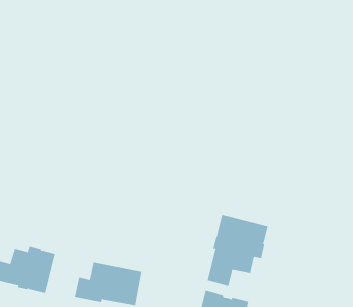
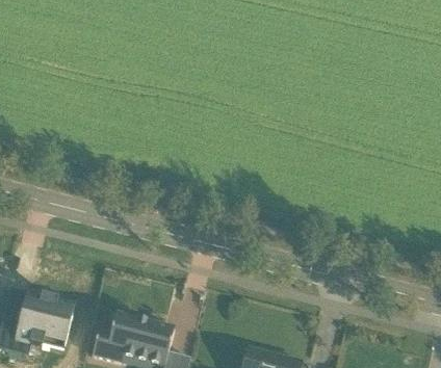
building: [207,214,268,287] -> none

